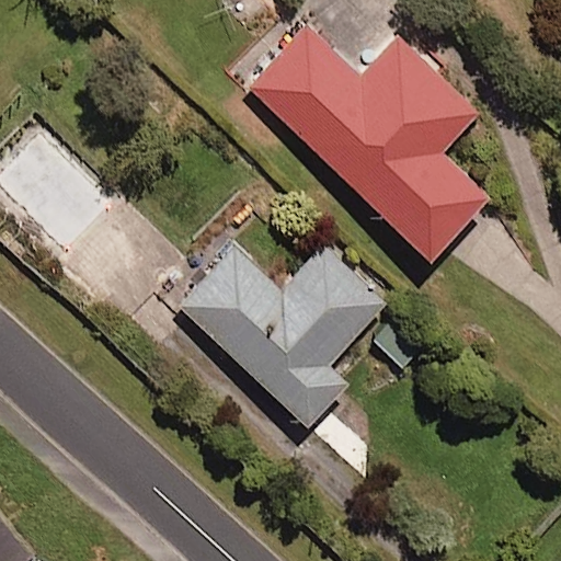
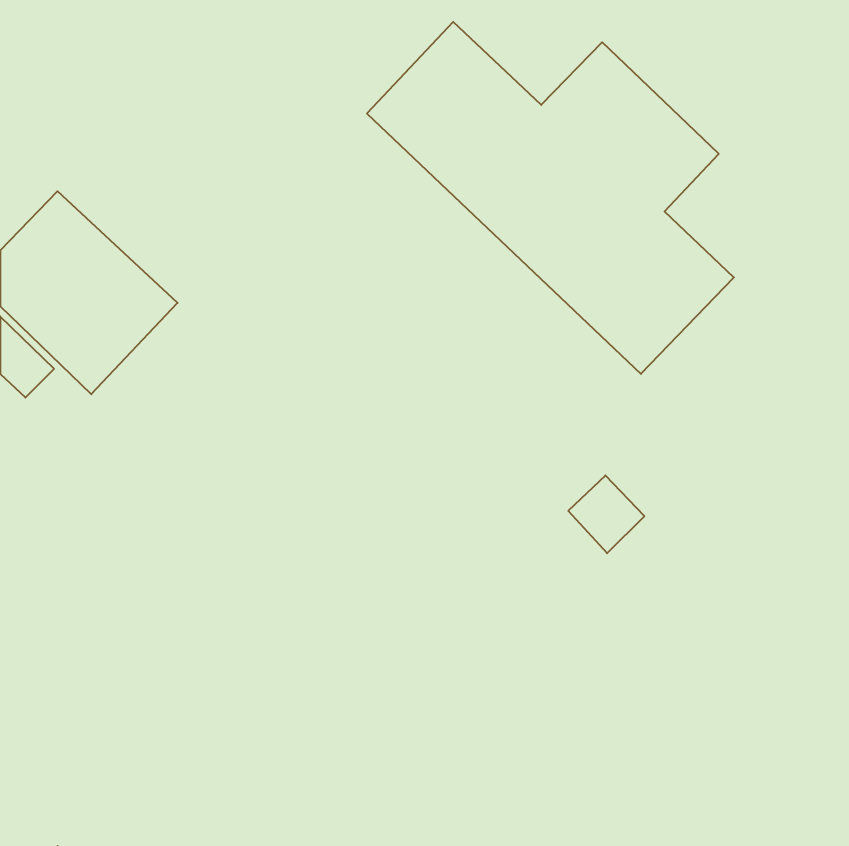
building: [183,245,385,424] -> none

